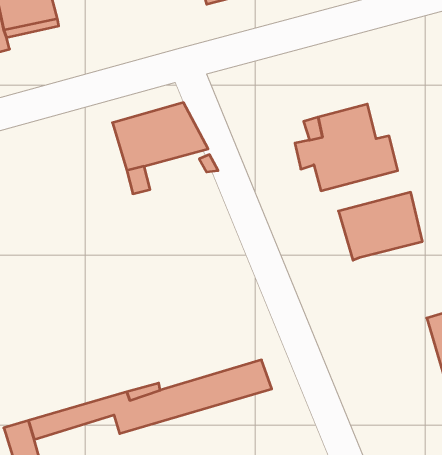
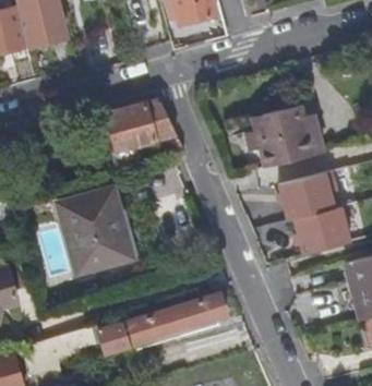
building: none -> [58,190,134,275]
building: none -> [295,206,350,254]

